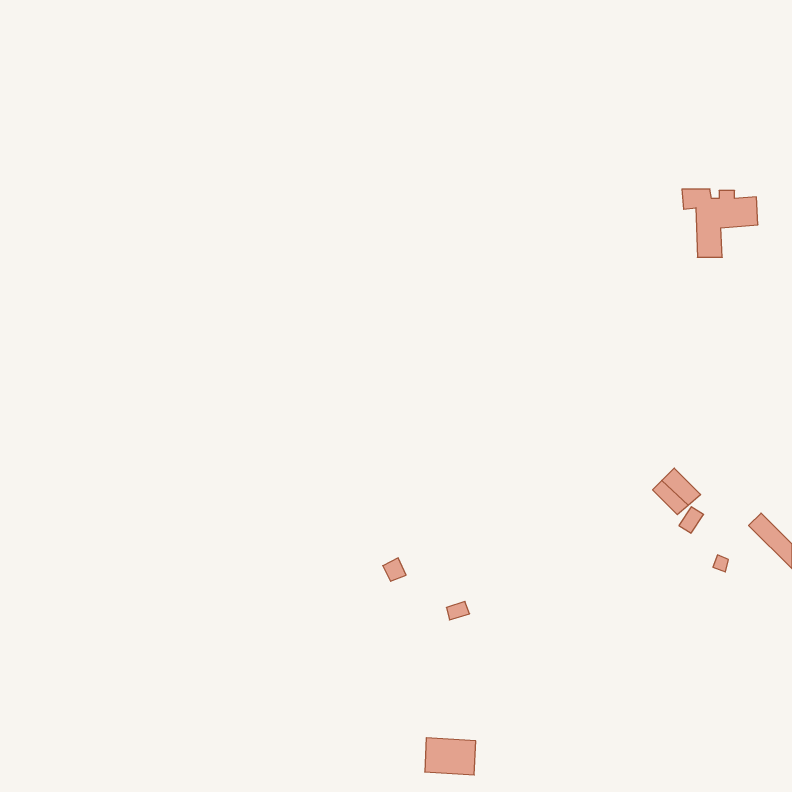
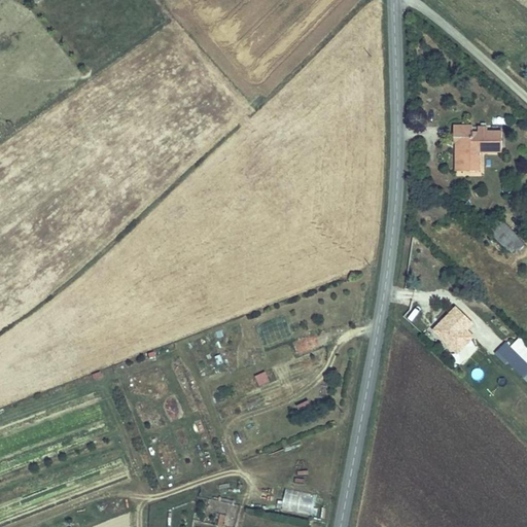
building: none -> [490,222,520,251]

